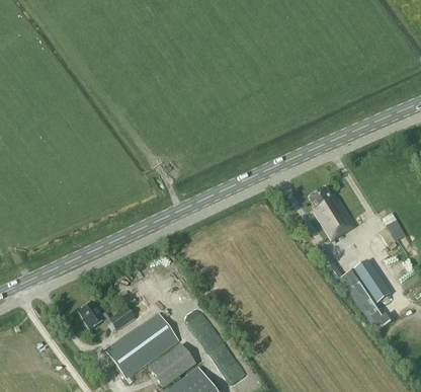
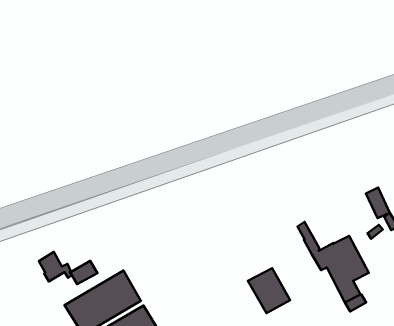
building: [310,185,356,240] -> none
building: none -> [248,268,290,313]

